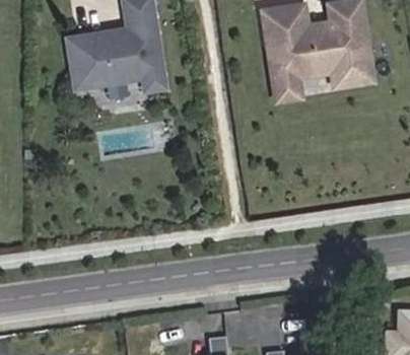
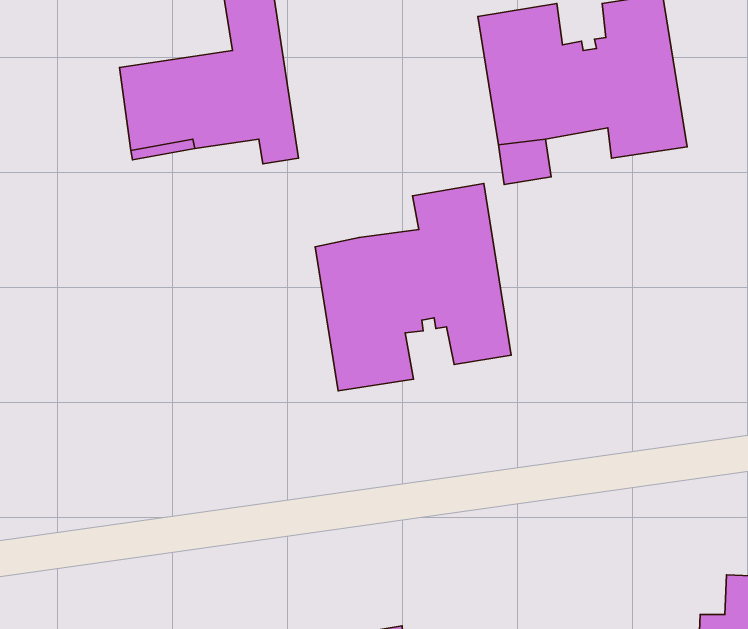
building: none -> [315,184,511,391]

